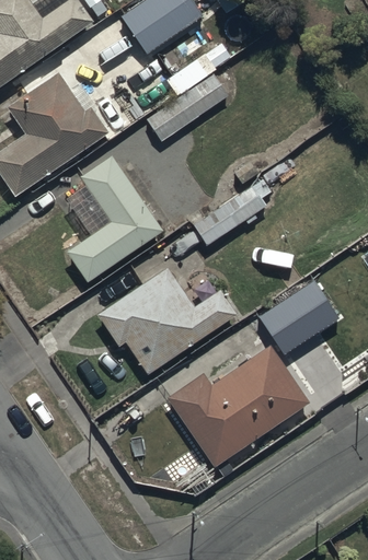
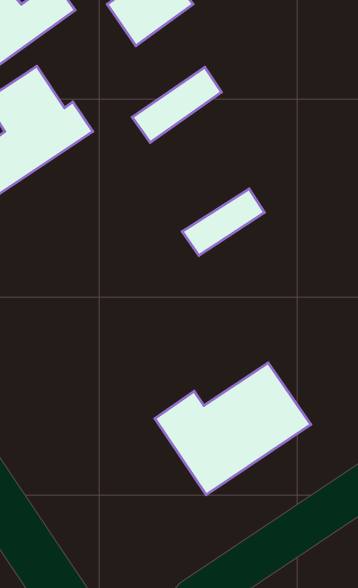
building: [66,156,162,281] -> none
building: [96,265,237,376] -> none
building: [263,294,330,354] -> none

